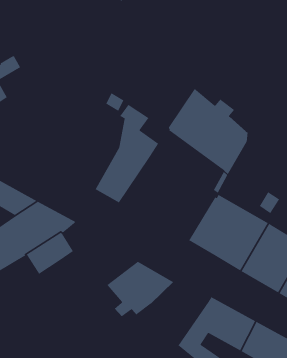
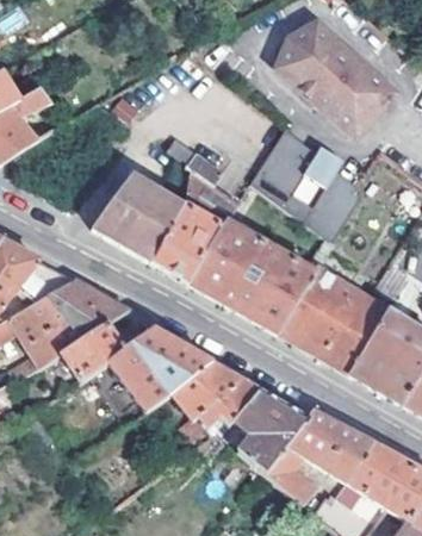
building: none -> [279,24,397,132]
building: none -> [93,174,185,263]
building: none -> [186,220,315,334]
building: none -> [106,326,211,412]
building: none -> [229,388,305,474]

